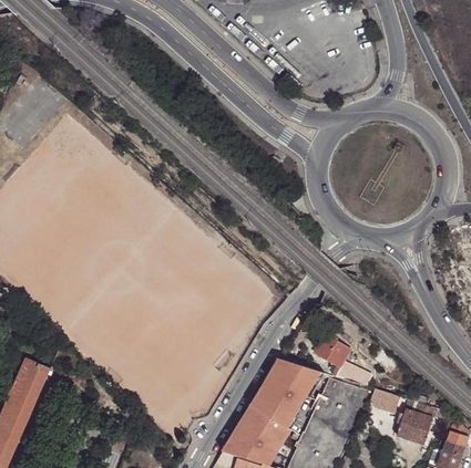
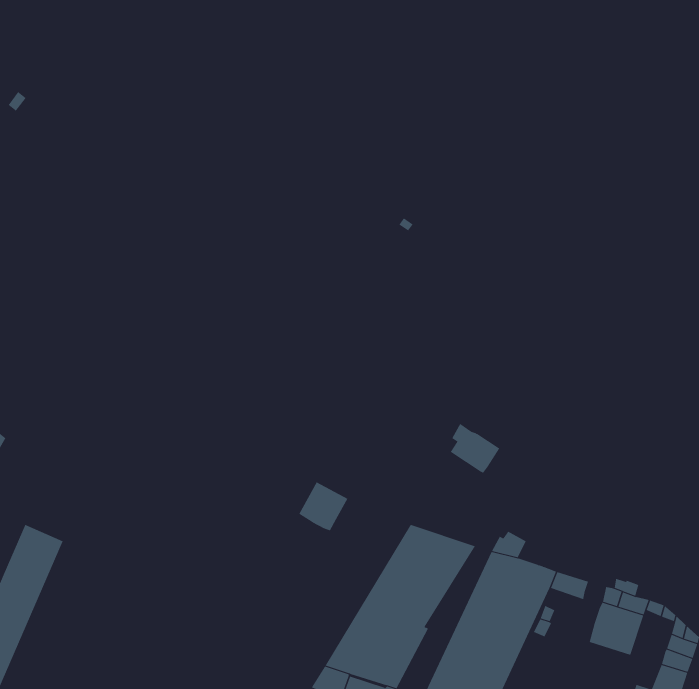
building: none -> [298,482,348,531]
building: [316,334,349,367] -> [450,423,500,474]

